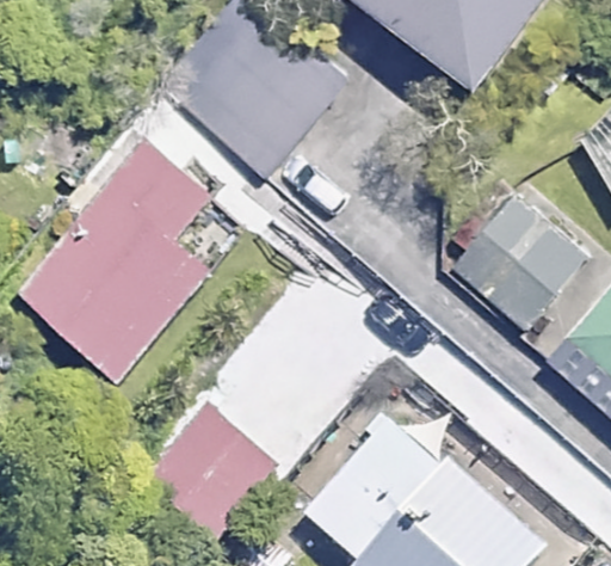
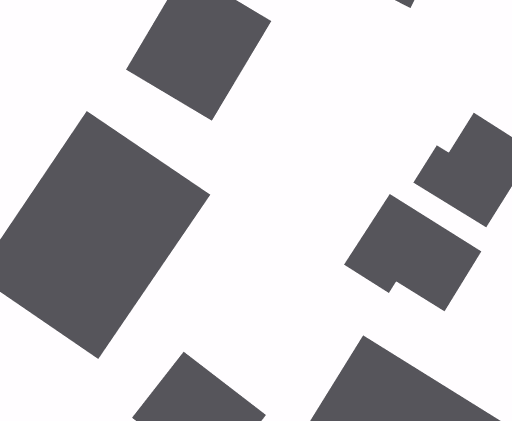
building: none -> [343,193,482,313]

